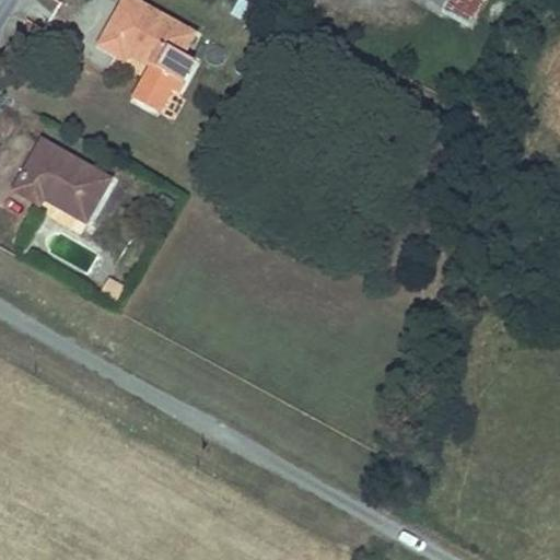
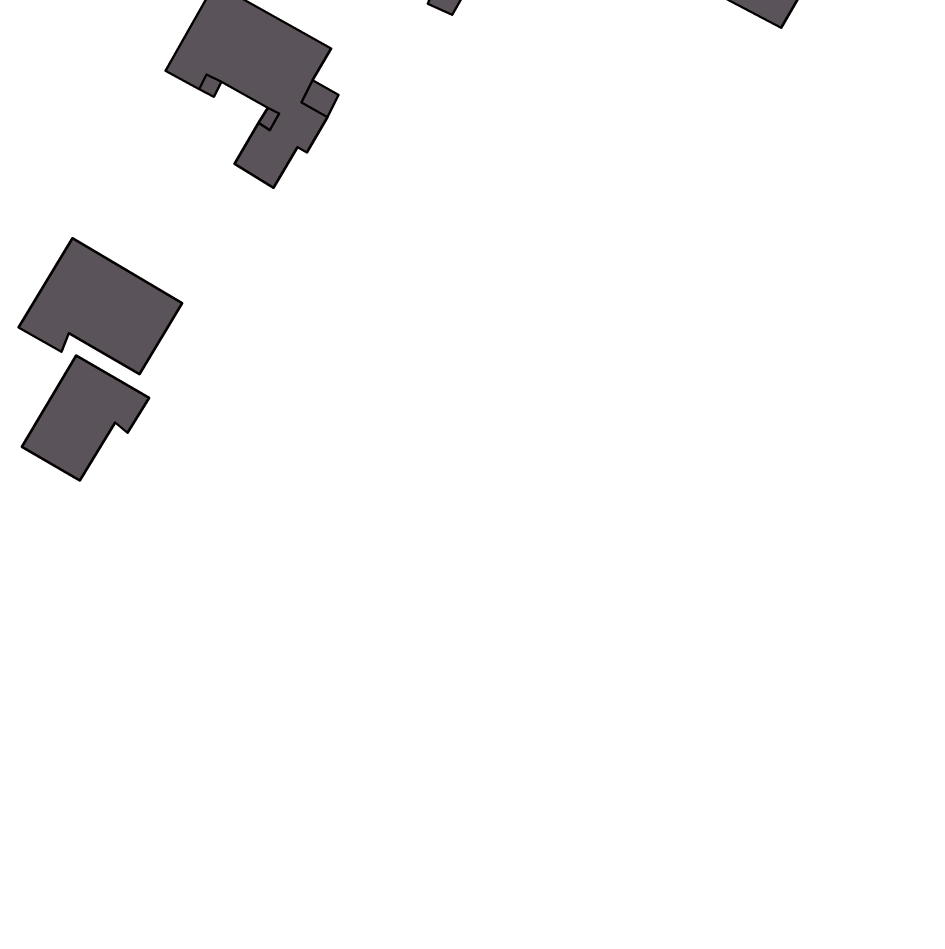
building: none -> [22,355,149,481]

